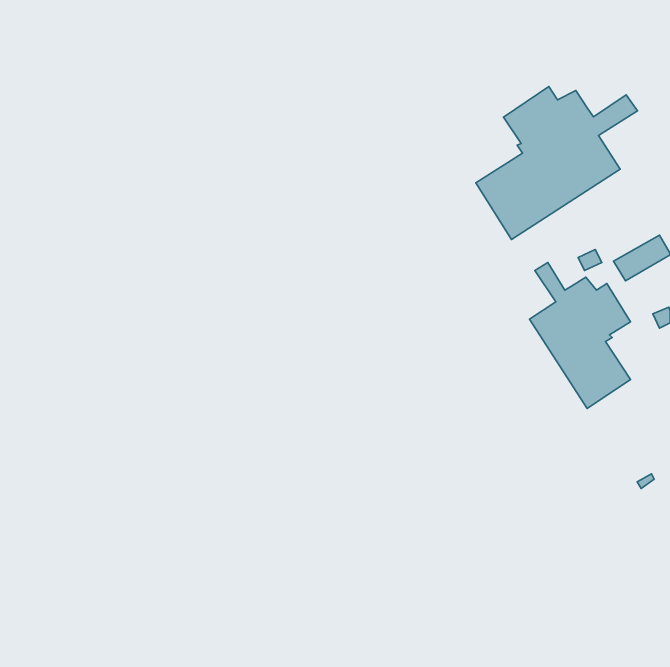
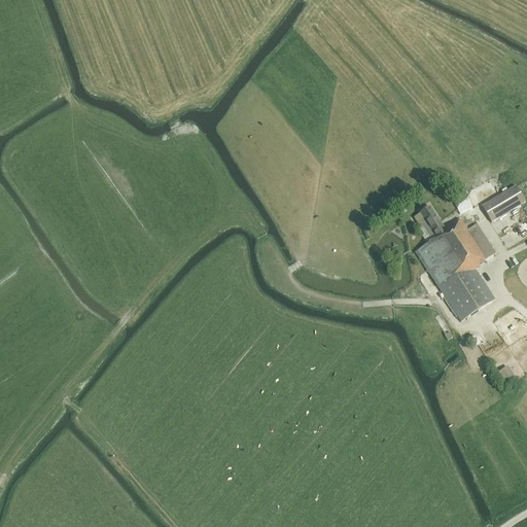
building: [476,87,637,239] -> none

